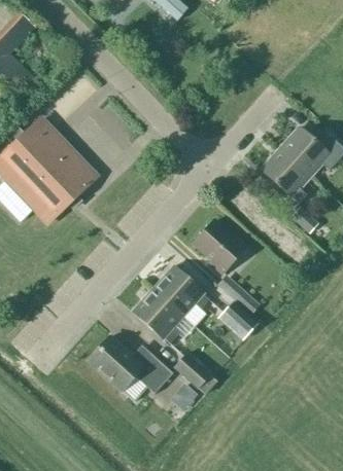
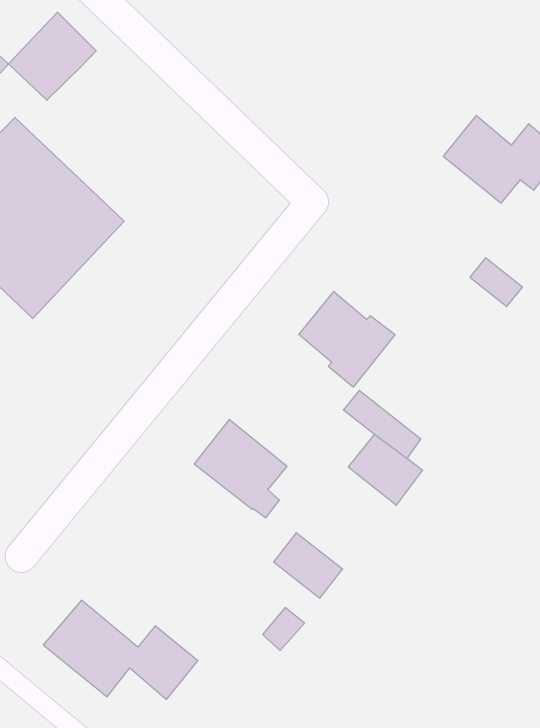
building: none -> [8,12,96,100]
building: [261,147,310,203] -> none
building: [152,264,209,315] -> none
building: [88,335,173,393] -> [43,600,198,699]

